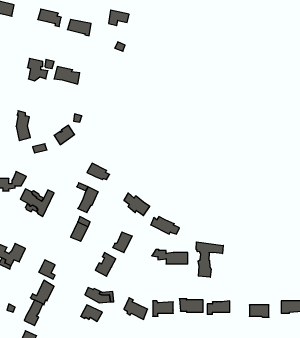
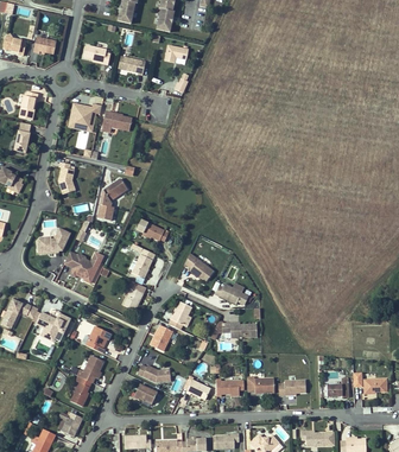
building: [196,242,223,277] -> none

